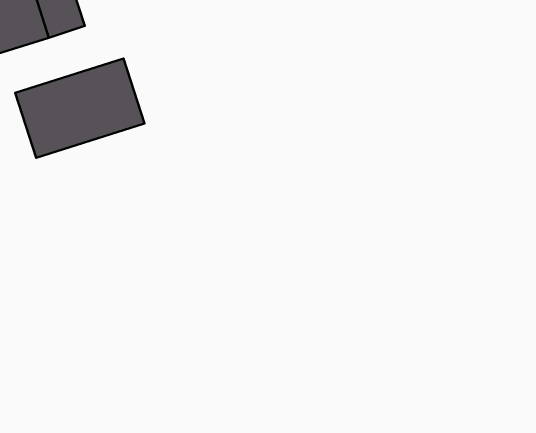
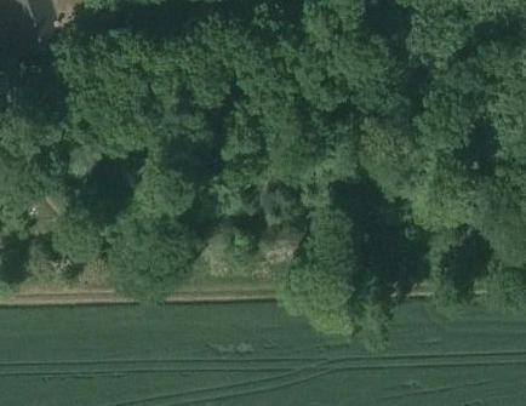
building: [15,59,144,158] -> none

